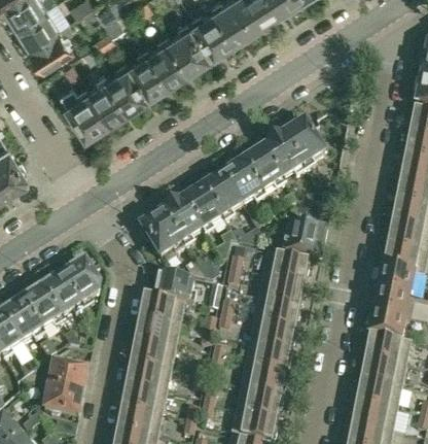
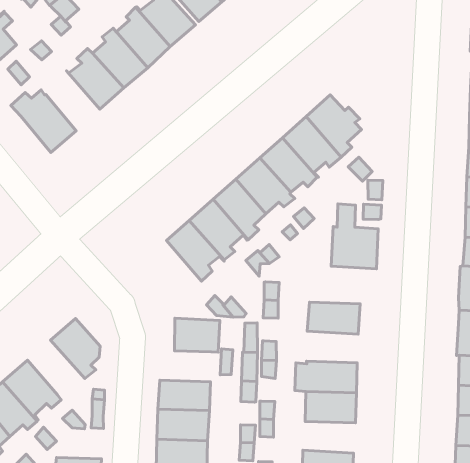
building: [87,72,127,119] -> none
building: [140,213,183,258] -> none
building: [262,253,305,284] -> none
building: [42,275,83,321] -> none
building: [140,296,182,326] -> none
building: [253,299,295,329] -> none
building: [240,367,283,397] -> none

